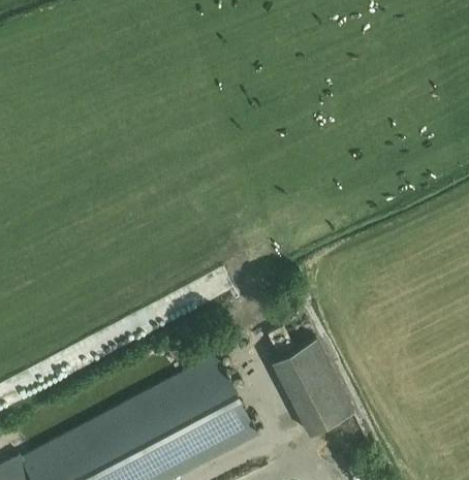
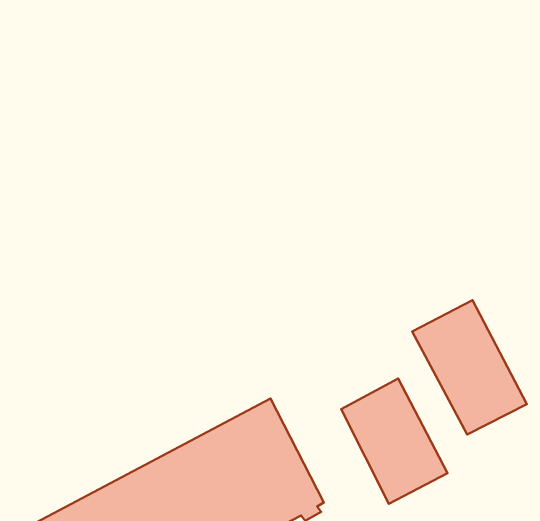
building: none -> [412,300,527,434]

